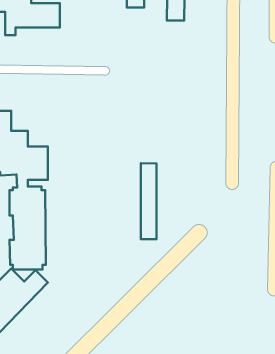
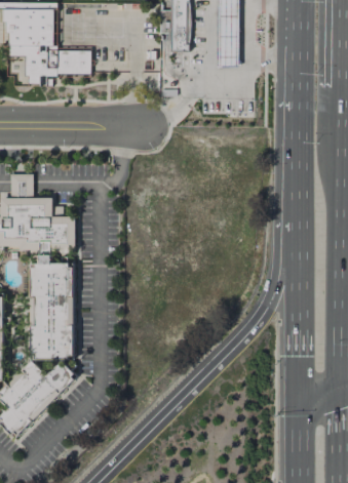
building: [141,163,157,239] -> none

